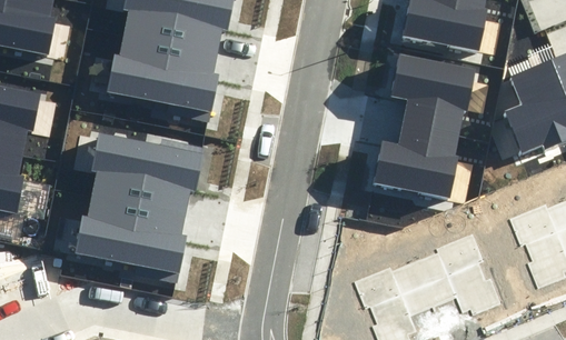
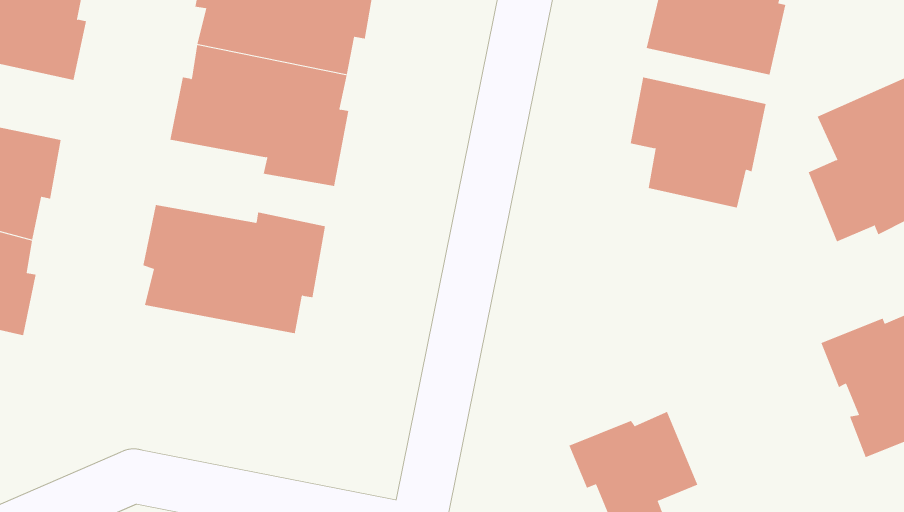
building: [371,122,457,199] -> none
building: [73,194,185,282] -> none
building: [414,233,500,314] -> none

